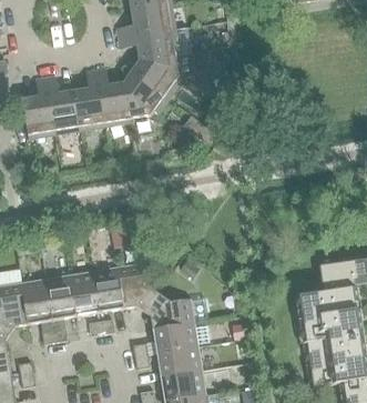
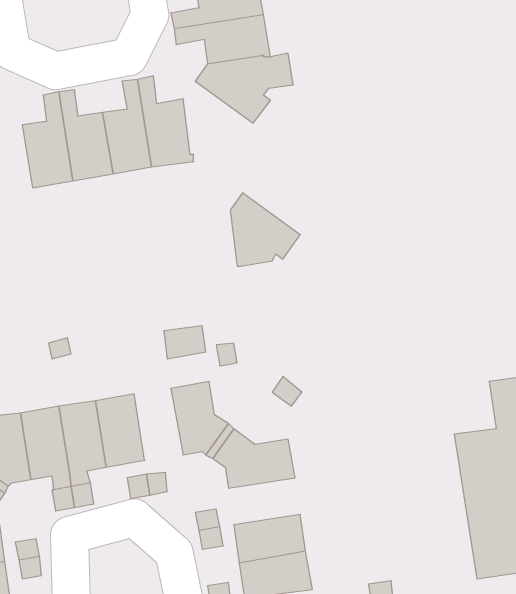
building: [124,70,169,117] -> [230,193,300,266]
building: [93,265,124,311] -> none
building: [153,322,198,352] -> none

